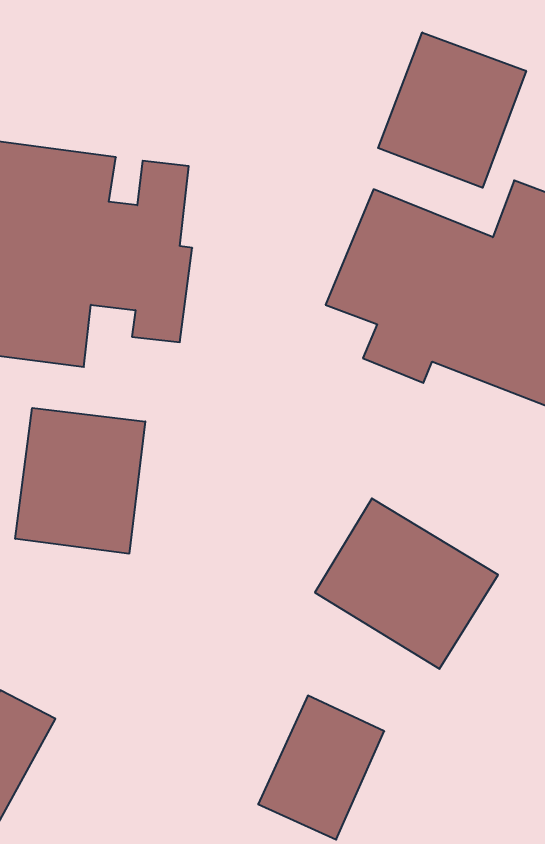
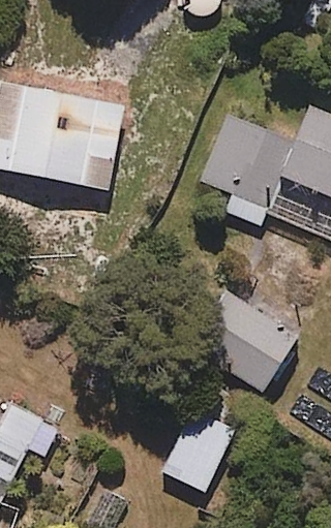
building: [378,32,526,188] -> none
building: [15,408,145,554] -> none

